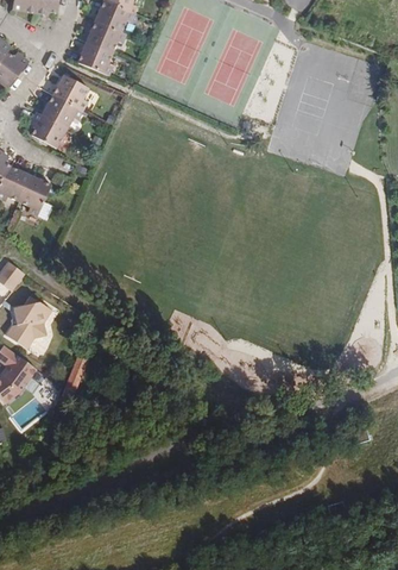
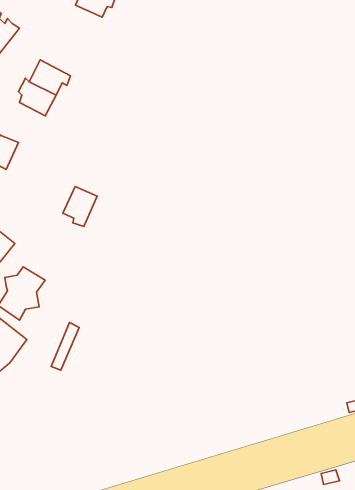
building: [76,42,112,76] -> none
building: [51,75,87,111] -> none
building: [18,176,51,215] -> [63,186,97,227]

